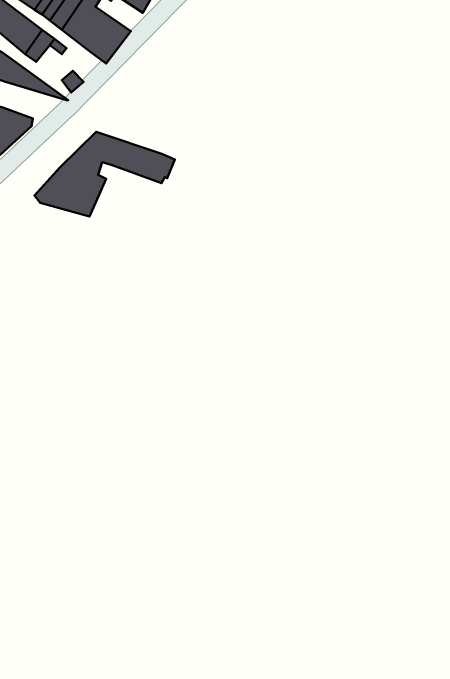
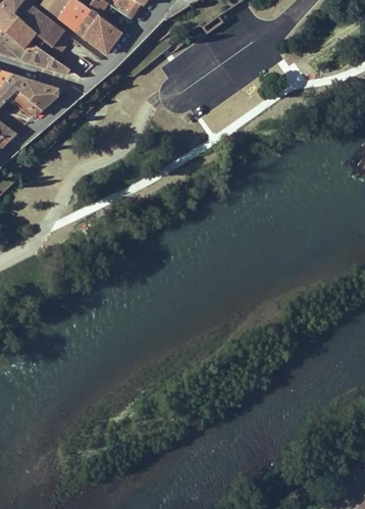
building: [34,132,175,217] -> none

